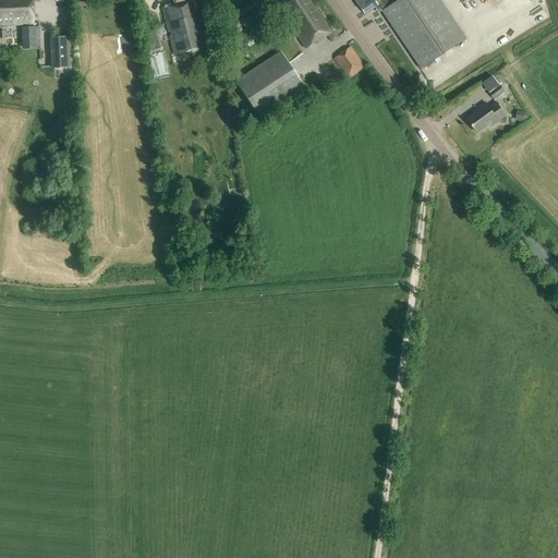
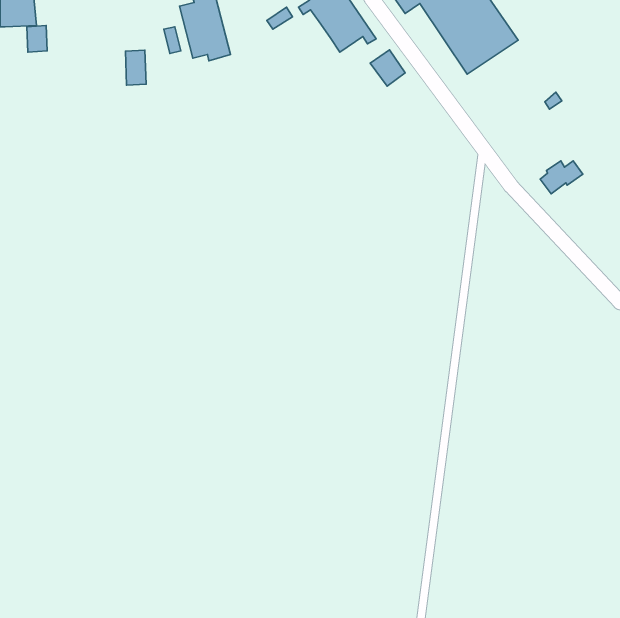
building: [50,35,69,66] -> [125,50,146,85]
building: [234,49,304,116] -> none
building: [468,101,506,131] -> [540,161,583,194]

